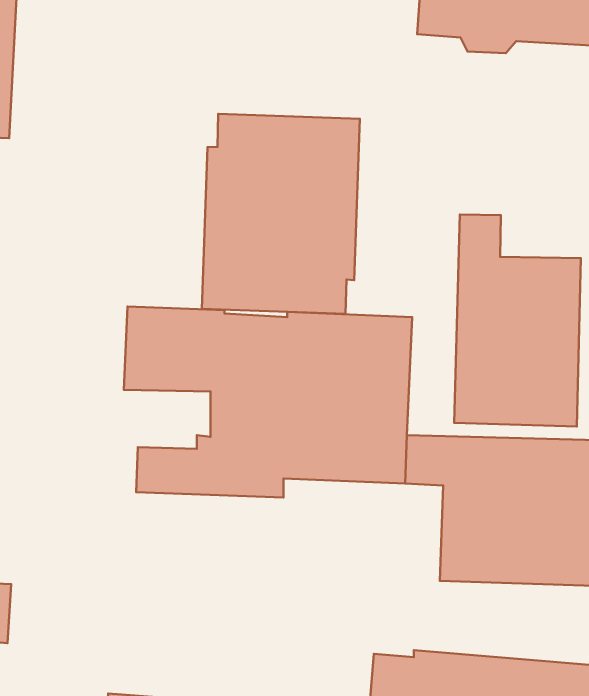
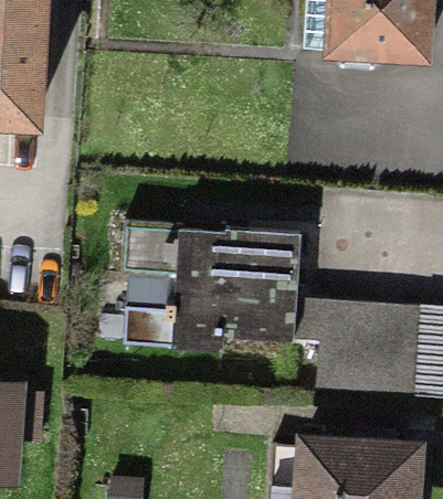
building: [202,114,360,314] -> none
building: [454,215,581,427] -> none

